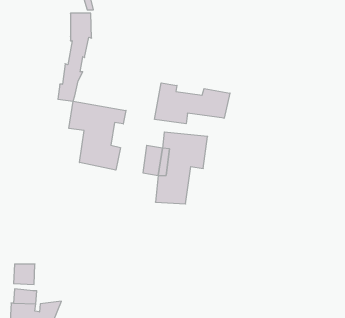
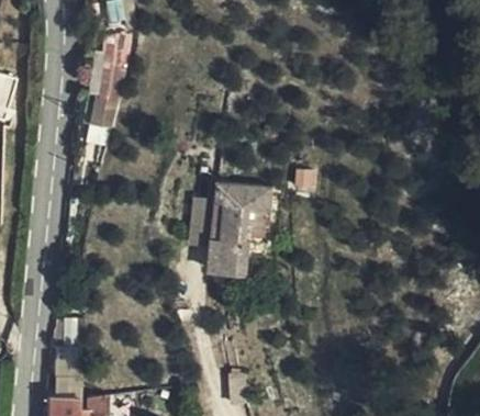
building: [155,83,230,124] -> none
building: [69,101,126,170] -> none

